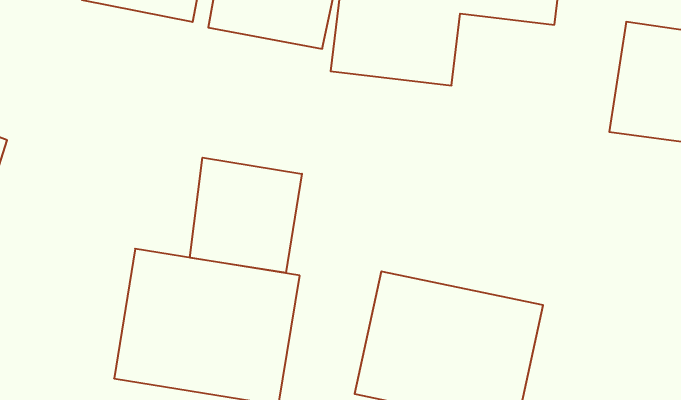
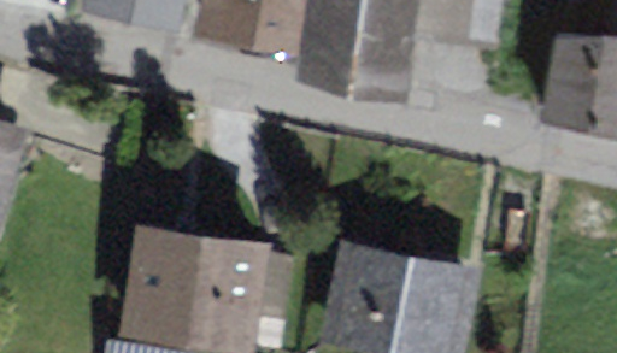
building: [190,158,302,273] -> none

